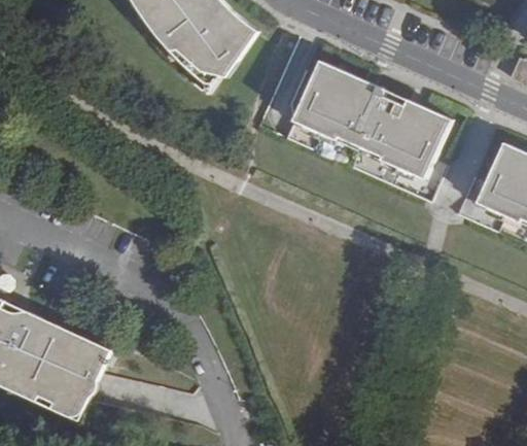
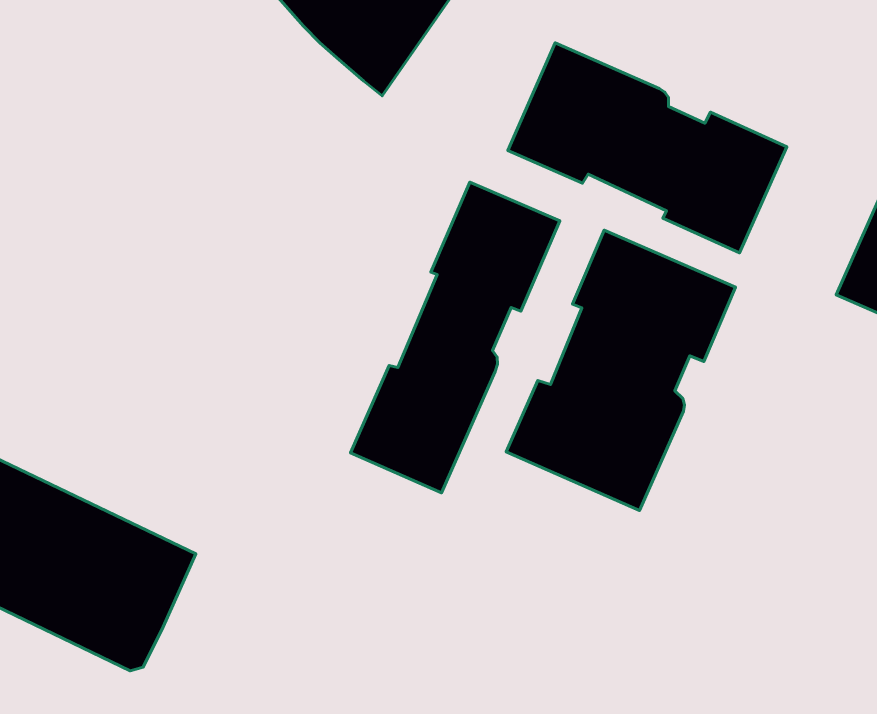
building: none -> [350,182,560,493]
building: none -> [506,230,735,511]

